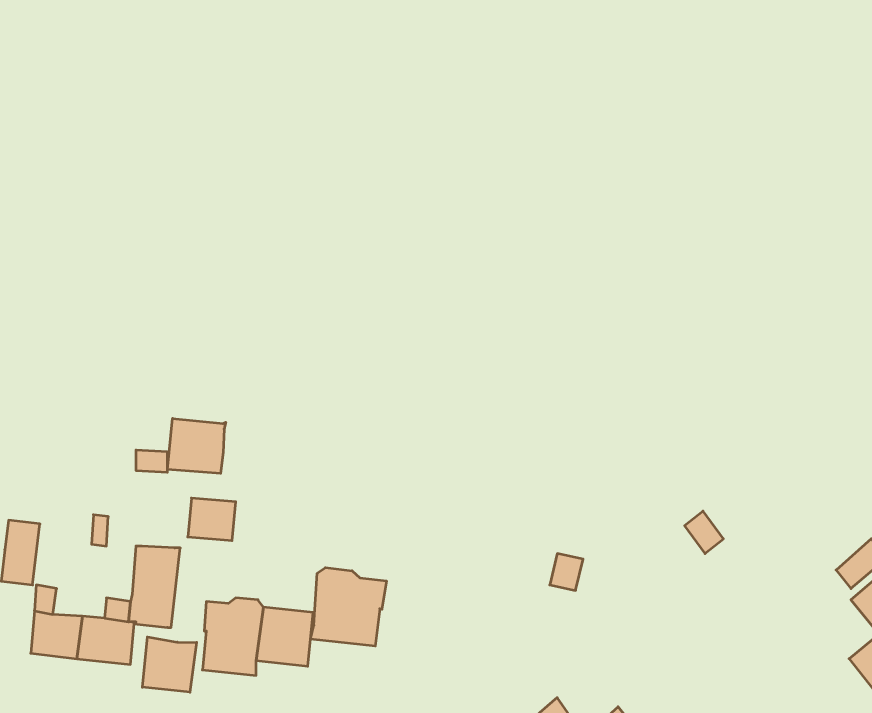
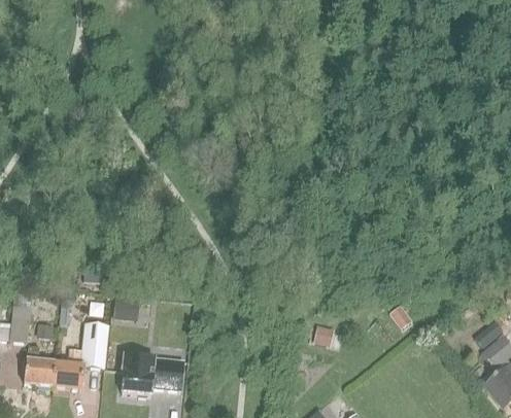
building: [167,418,226,473] -> none
building: [311,568,386,646] -> none
building: [142,637,197,692] -> none

